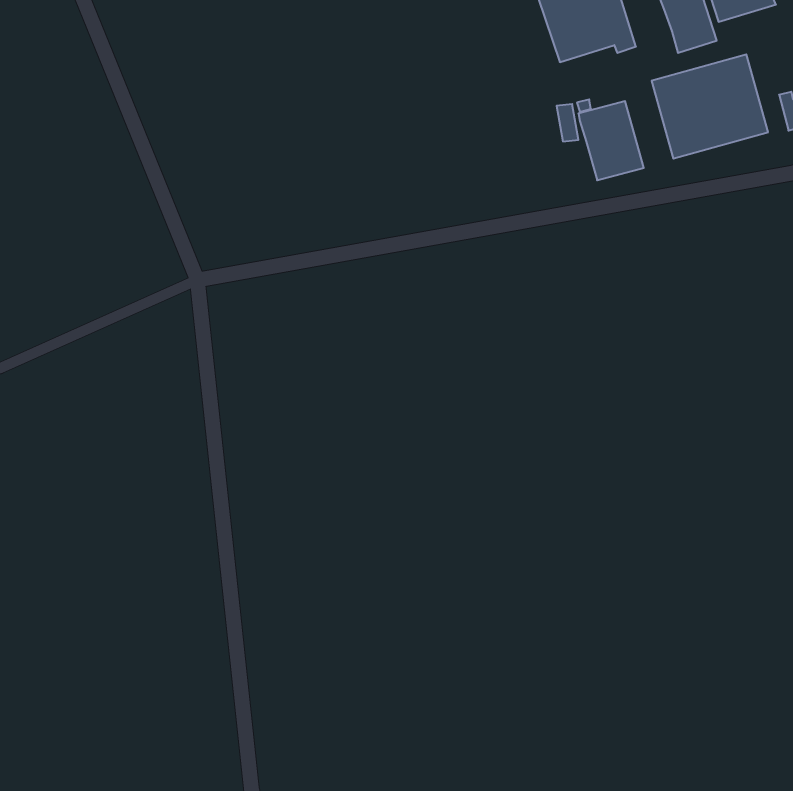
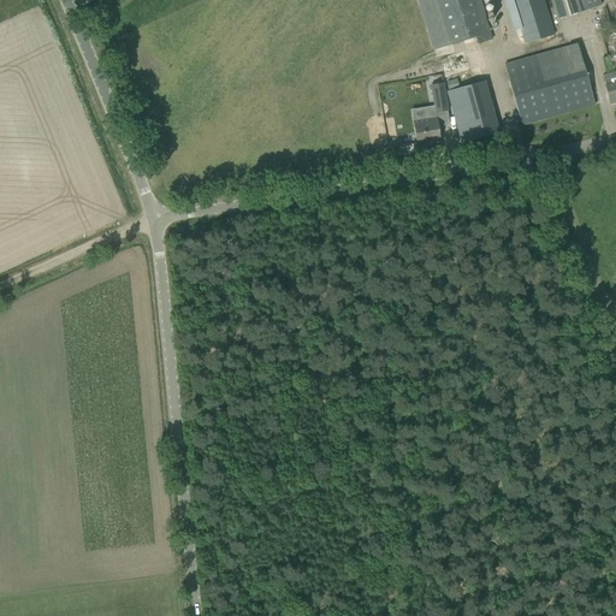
building: none -> [414,114,442,142]

